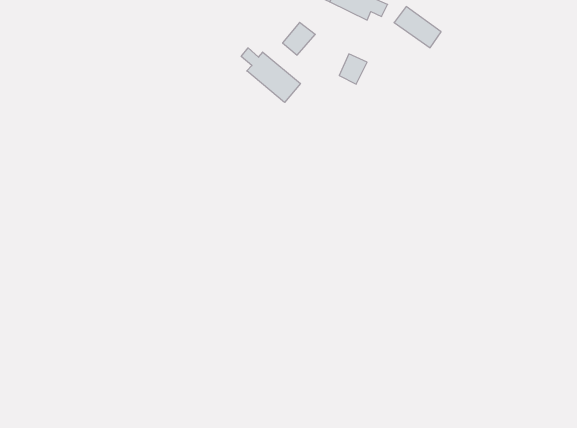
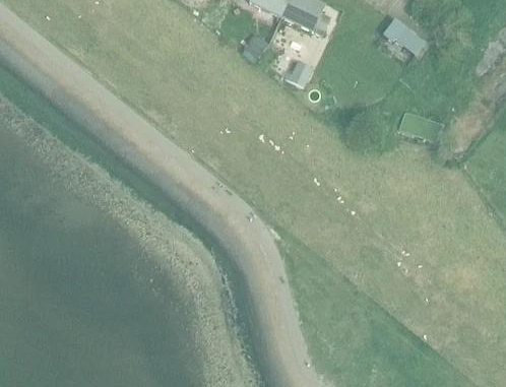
building: [394,7,441,48] -> [385,18,425,53]
building: [241,48,300,102] -> none

